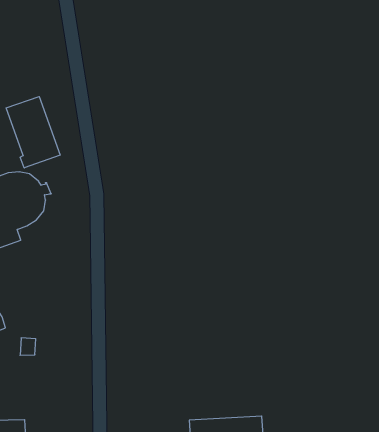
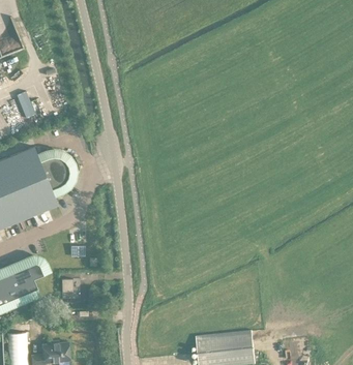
building: [6,97,60,168] -> none

